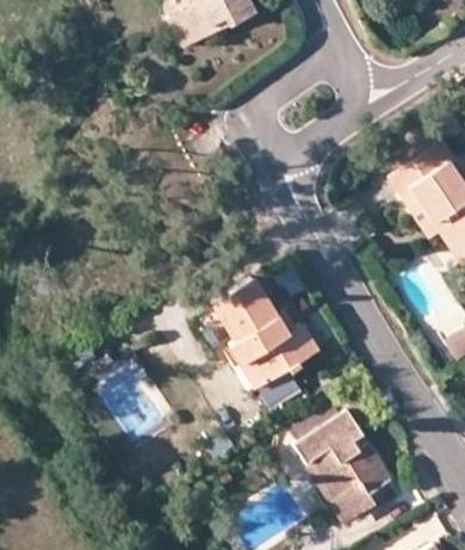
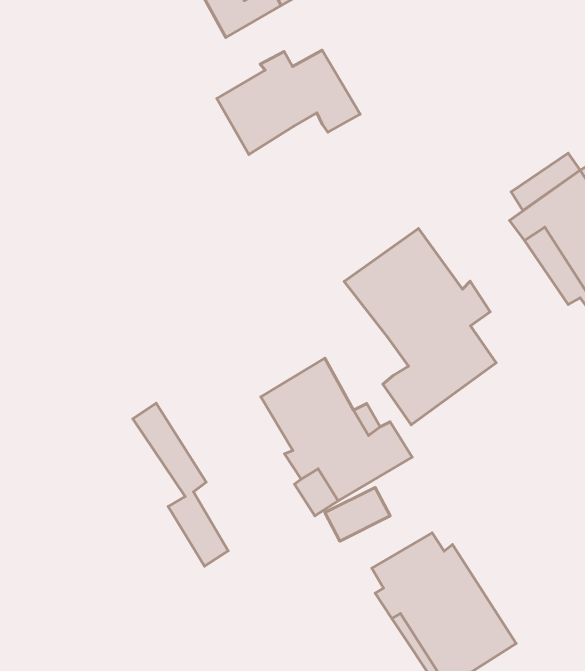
building: none -> [217,50,360,155]
building: none -> [344,229,496,425]
building: none -> [133,403,228,566]

